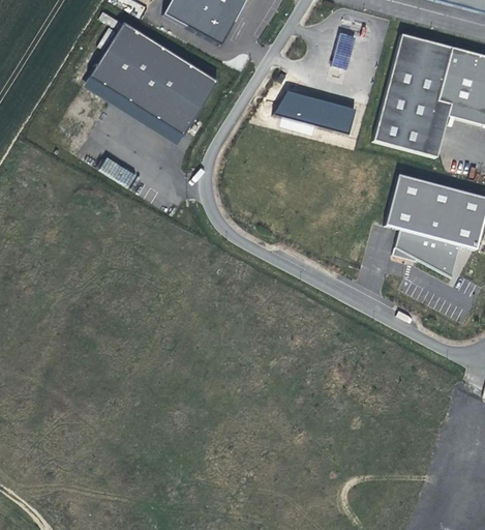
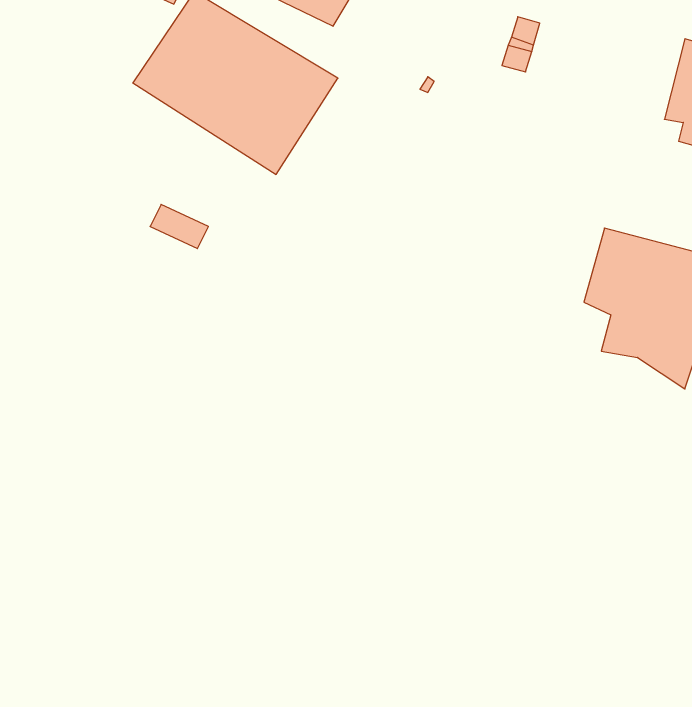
building: [372,34,451,157] -> none
building: [275,91,356,135] -> none

